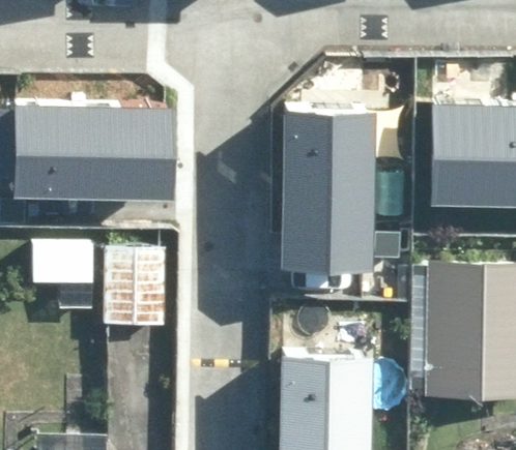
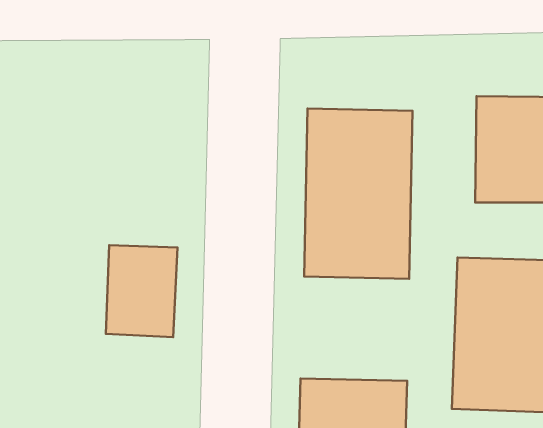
building: [9,101,170,205] -> none

